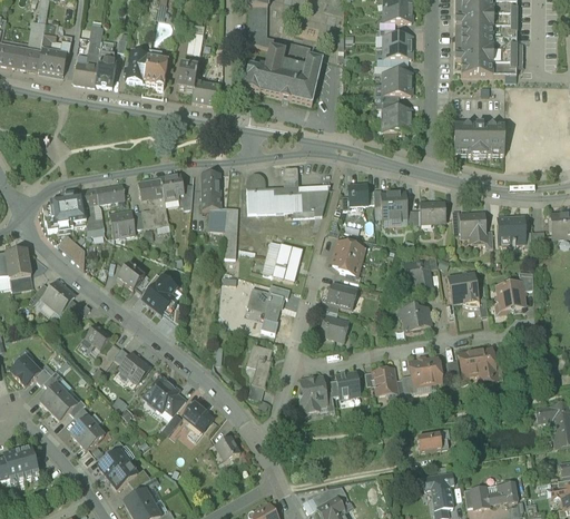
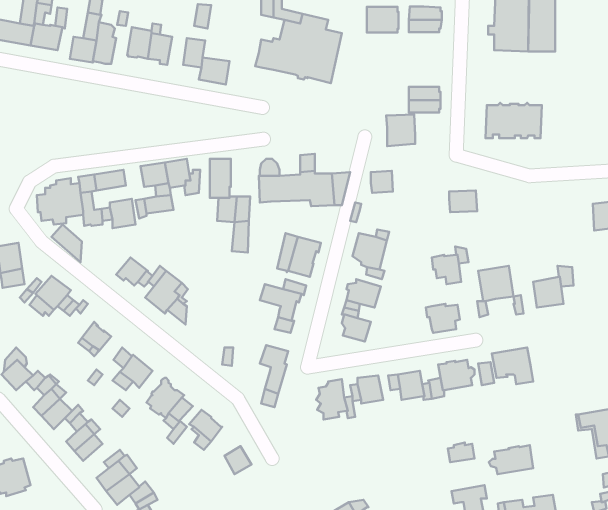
building: [383,70,412,94] -> [367,7,399,33]
building: [381,192,407,221] -> [386,114,415,146]
building: [459,212,487,244] -> none
building: [498,216,524,246] -> none
building: none -> [489,445,533,474]

